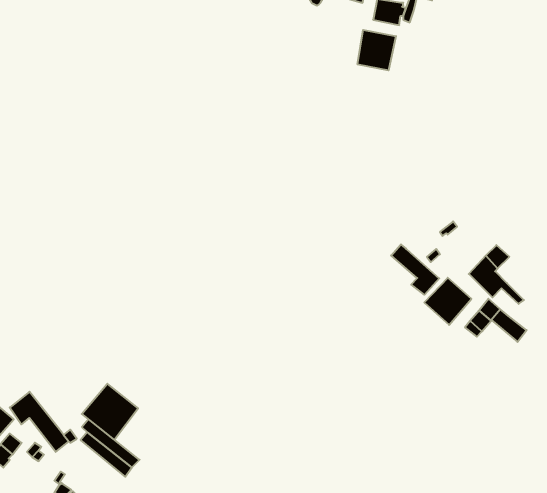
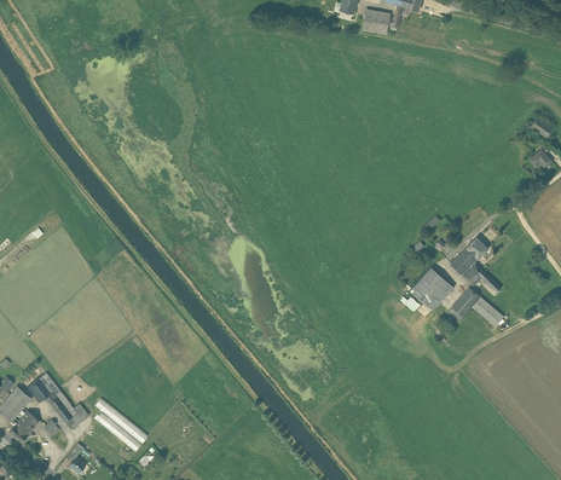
building: [358,30,396,70] -> none
building: [391,244,439,295] -> none
building: [82,384,138,440] -> none

